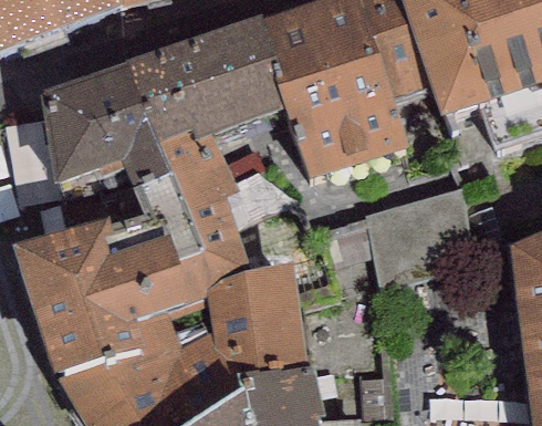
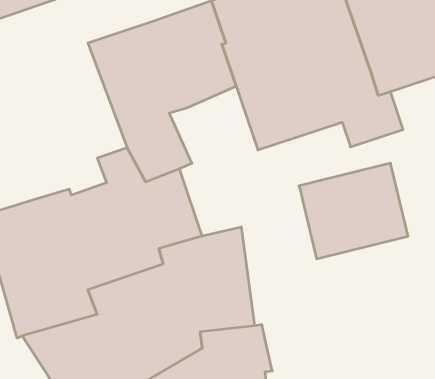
building: [40,63,170,233] -> none

